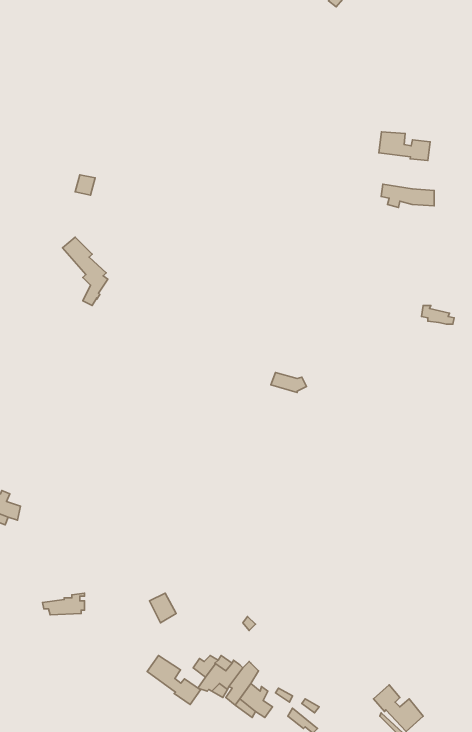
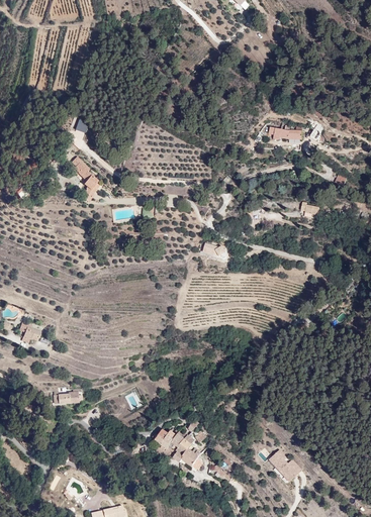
building: [379,132,430,161] -> none
building: [147,655,201,705] -> none

